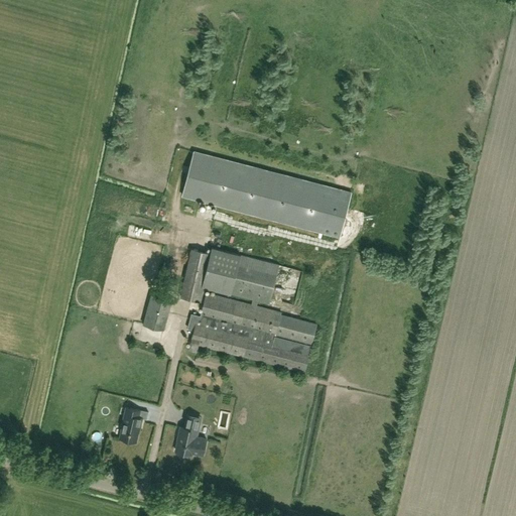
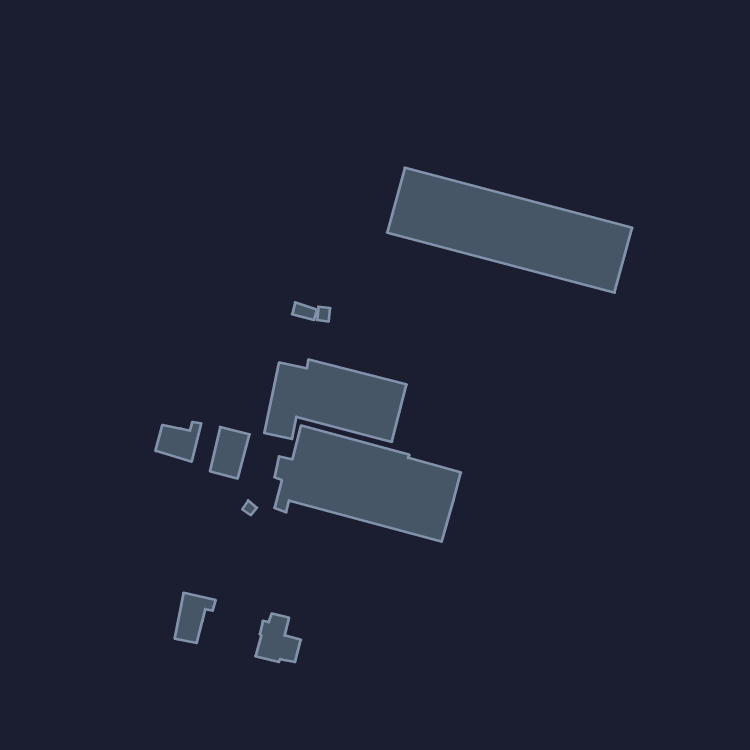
building: [182,151,351,237] -> [387,168,632,293]
building: none -> [156,422,201,462]

